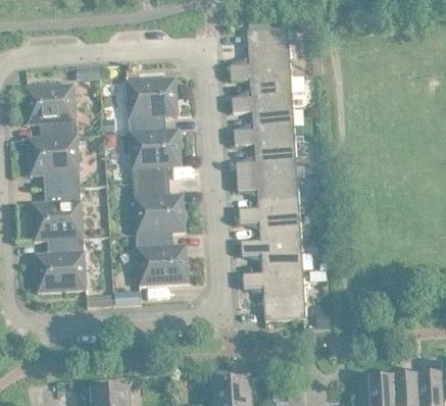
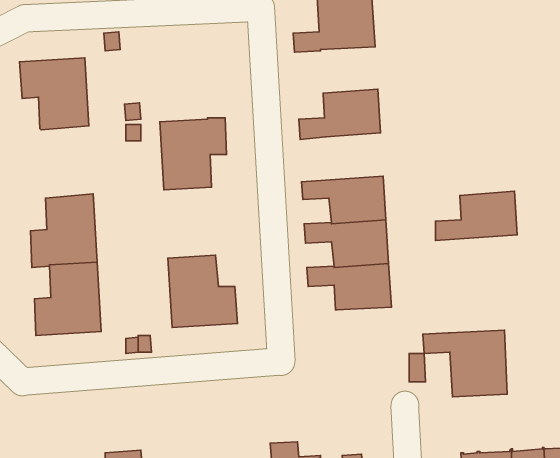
building: [232,73,304,111] -> none
building: [127,77,177,131] -> none
building: [28,134,80,188] -> none
building: [236,139,297,175] -> [435,191,517,240]
building: [133,180,185,233] -> none
building: [242,269,305,319] -> [423,330,507,397]

